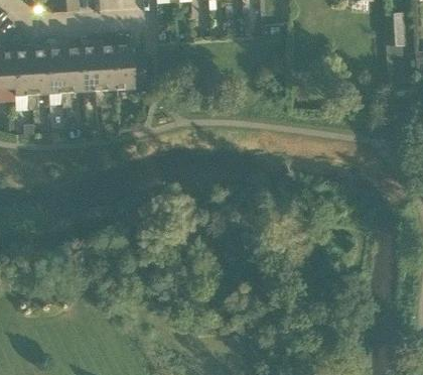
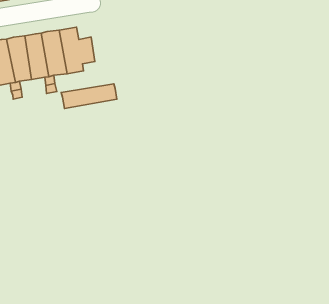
building: none -> [61,84,117,109]

